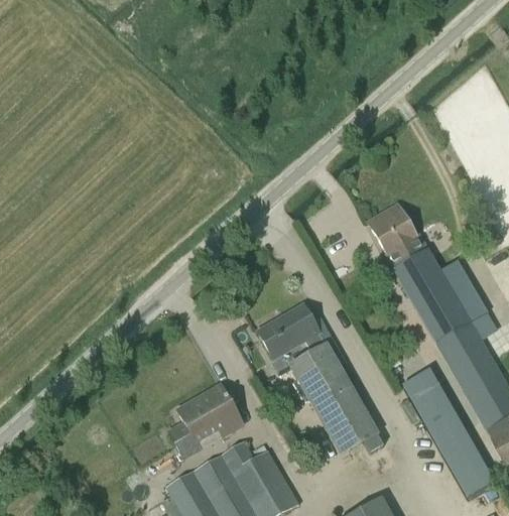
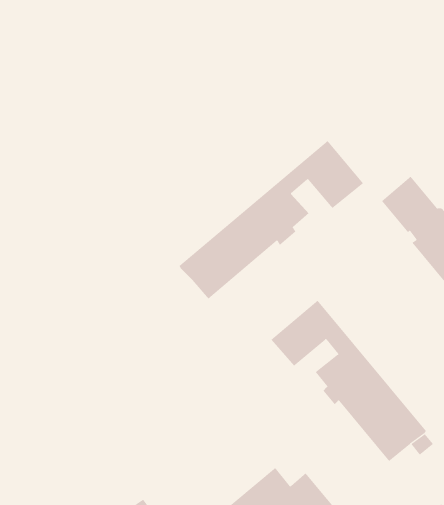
building: none -> [179,140,364,300]
building: [169,384,245,458] -> none

